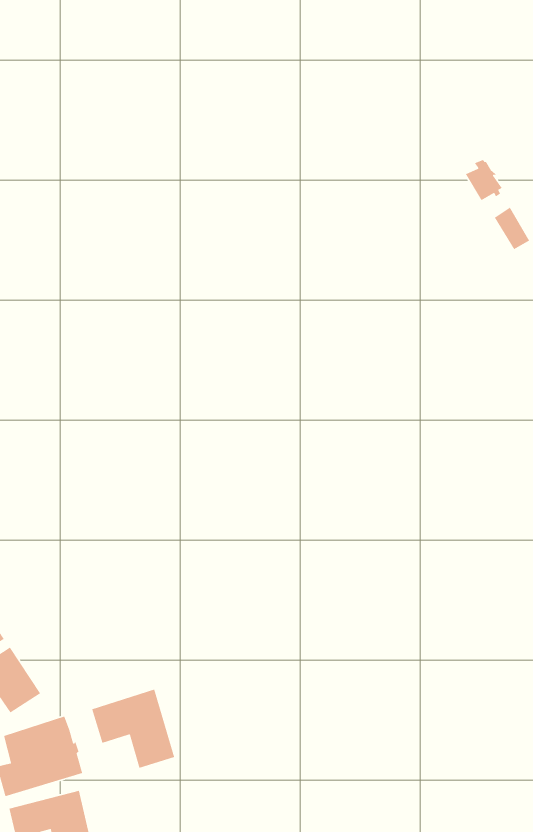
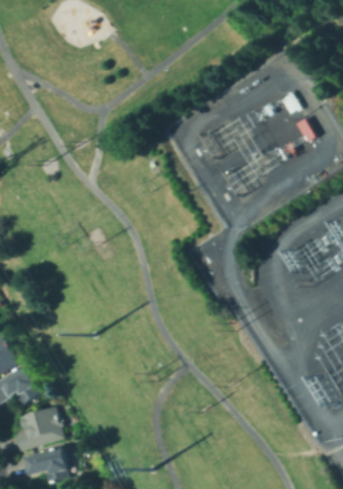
building: [91,689,175,769] -> none

